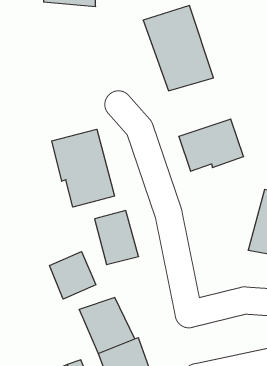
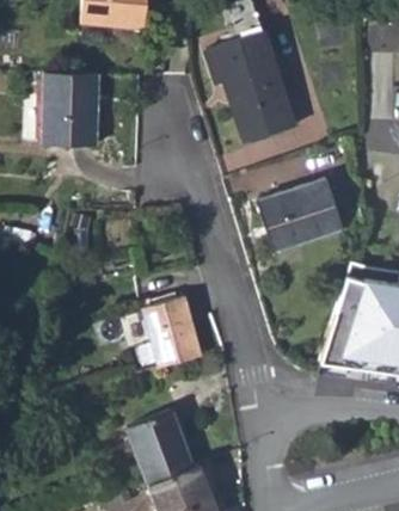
building: none -> [41,66,94,140]
building: [52,129,115,207] -> none
building: [50,252,96,299] -> none

